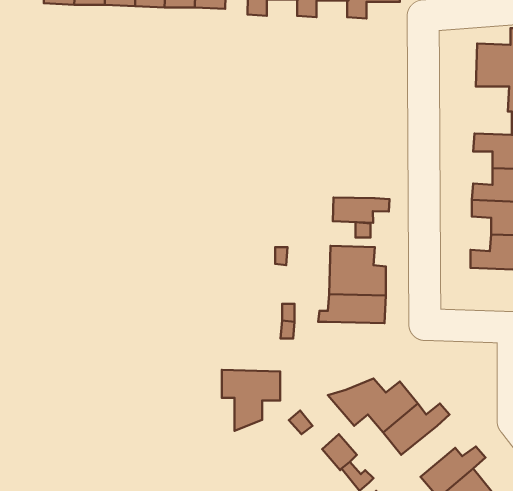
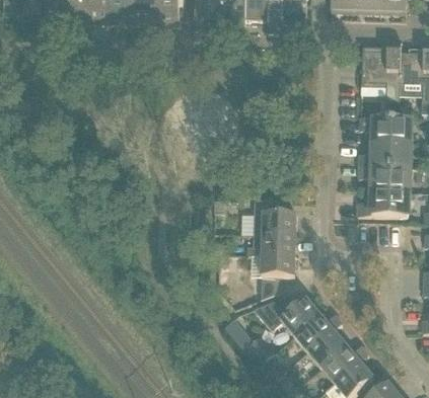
building: [333,197,390,223] -> none
building: [222,370,280,431] -> [253,253,295,298]
building: none -> [307,329,347,367]

